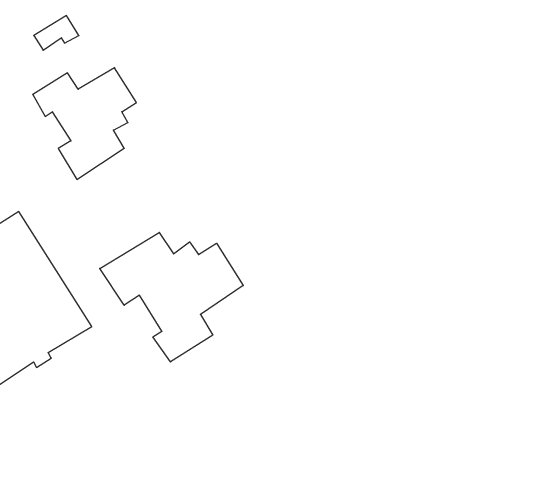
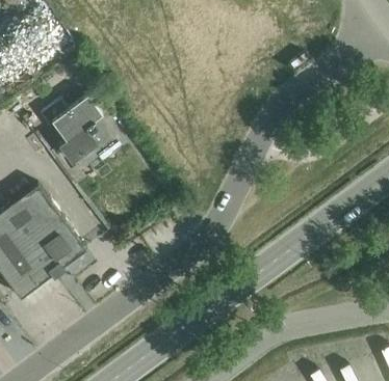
building: [100,232,243,362] -> none

